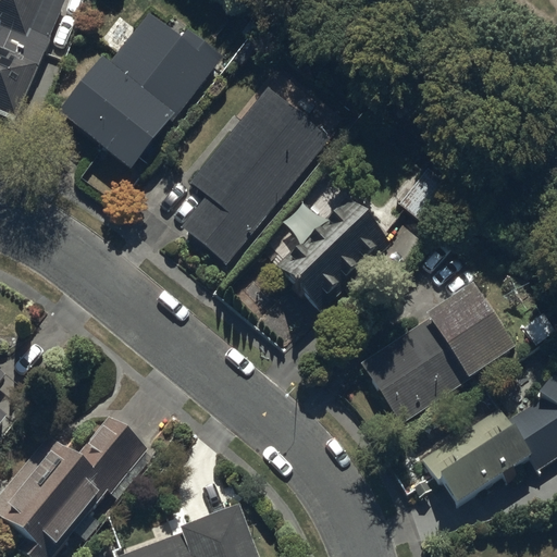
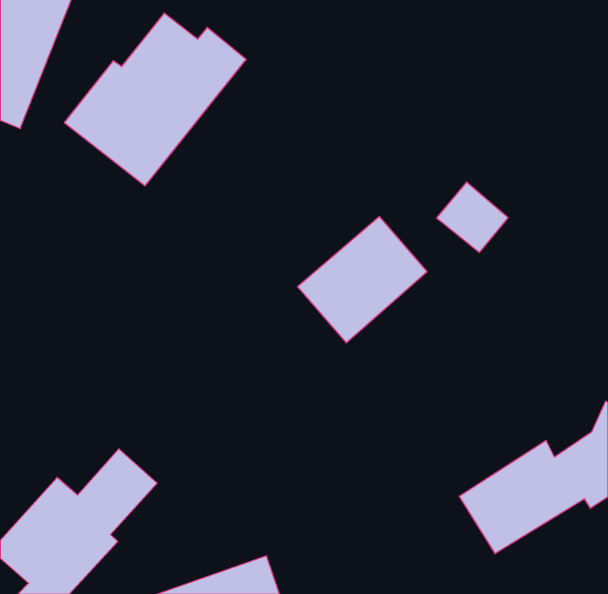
building: [182,87,327,261] -> none
building: [360,286,518,424] -> none

